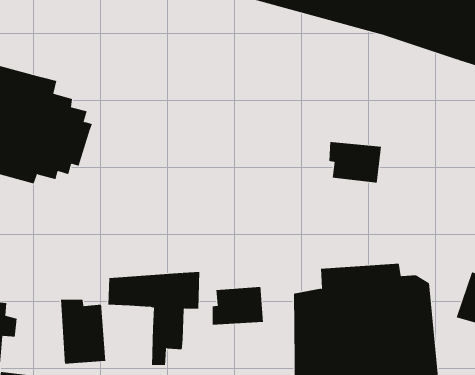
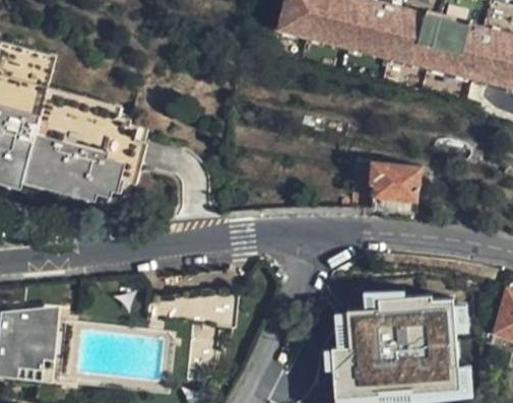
building: [212,286,264,326] -> none
building: [61,299,106,365] -> none

